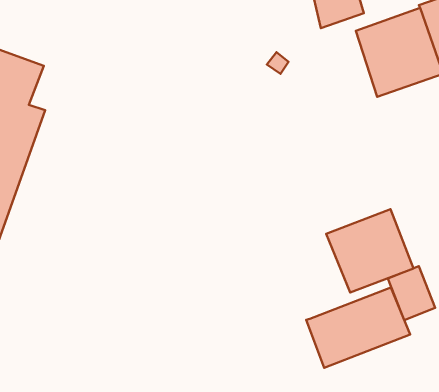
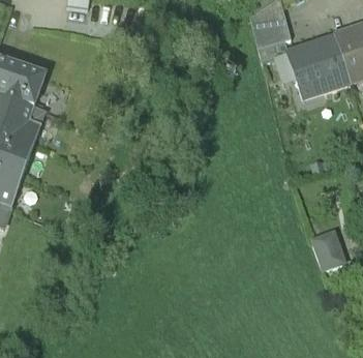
building: [326,209,413,292] -> none
building: [306,288,410,368] -> none

